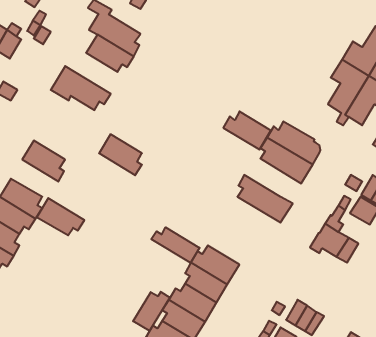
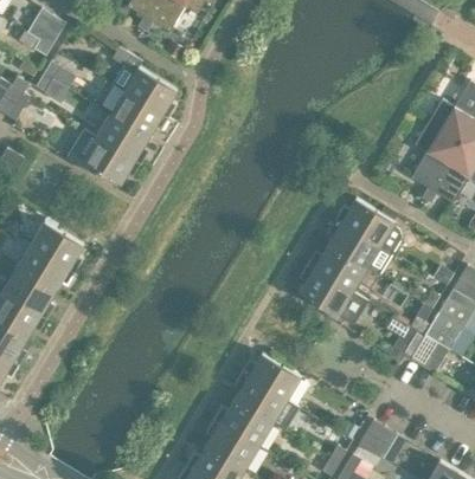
building: [223,111,271,150] -> [306,245,365,292]
building: [99,134,142,175] -> [95,114,148,164]
building: [37,198,84,235] -> [15,246,75,292]
building: none -> [423,312,462,350]
building: [151,227,200,263] -> none
building: [133,292,170,331] -> none

